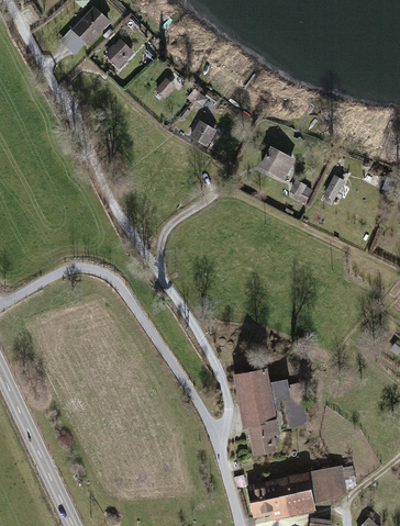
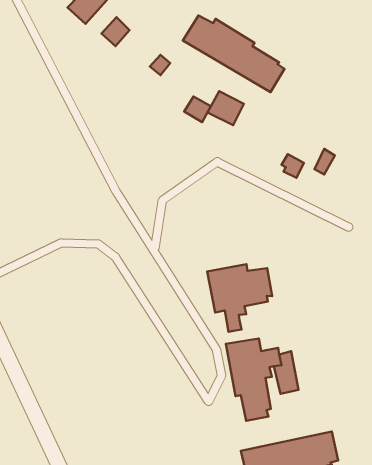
building: none -> [183,16,284,92]
building: [258,146,296,181] -> [207,91,244,125]
building: none -> [207,264,272,332]

